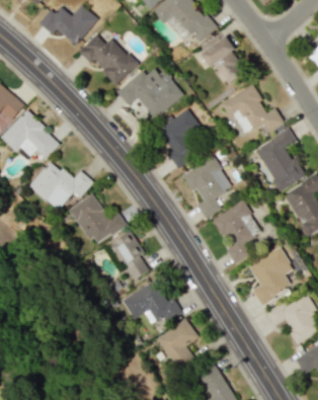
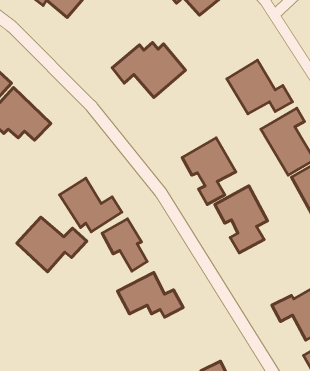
building: [79,34,138,85] -> none
building: [202,38,247,85] -> none
building: [158,109,201,168] -> none
building: [29,161,94,212] -> [17,217,87,272]
building: [248,247,293,305] -> none
building: [158,319,200,369] -> none

